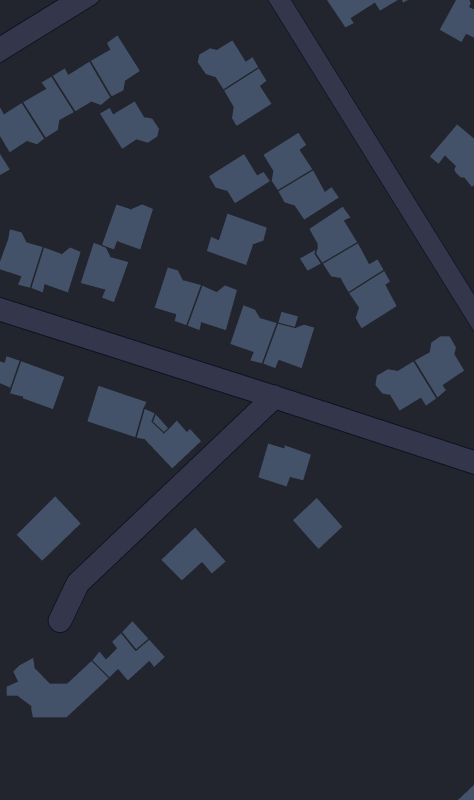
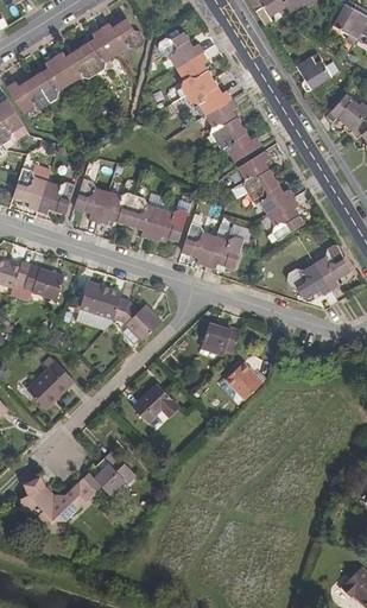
building: none -> [295,56,330,90]
building: [99,100,160,150] -> [100,19,144,55]
building: [208,153,271,204] -> [185,78,230,115]
building: [101,204,154,250] -> [97,192,135,226]
building: [206,213,268,266] -> none

